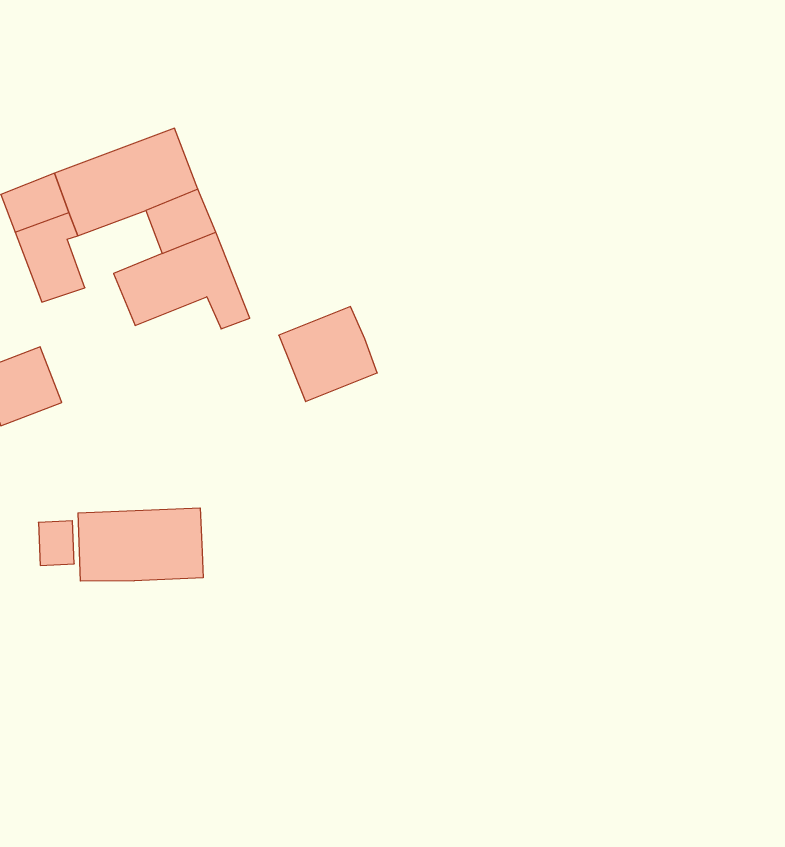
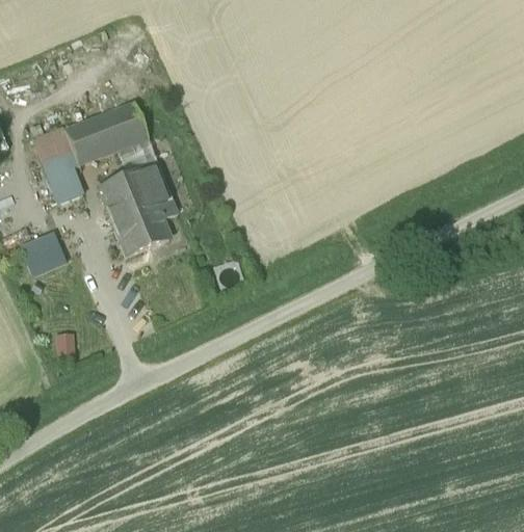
building: [279,307,377,402] -> [111,201,168,256]
building: [78,508,203,581] -> none

